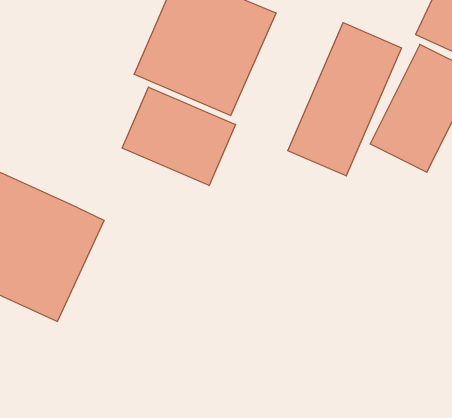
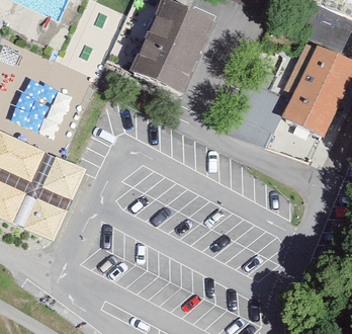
building: [288,23,401,176] -> none
building: [122,87,236,186] -> none

